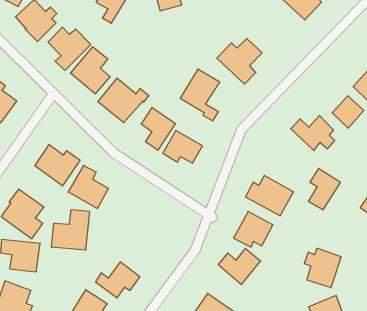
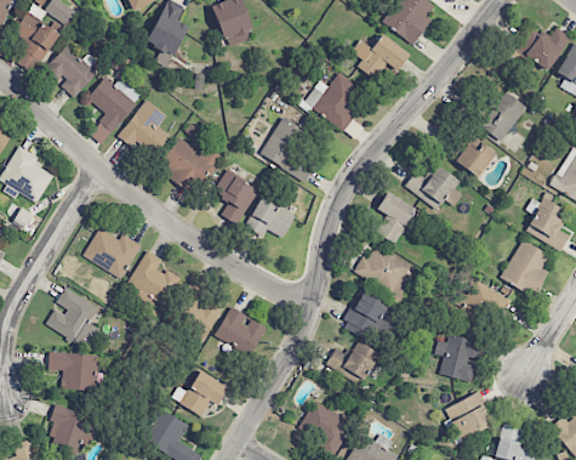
building: none -> [350,34,409,76]
building: [308,168,340,210] -> [376,191,415,243]
building: [51,210,89,250] -> none
building: none -> [215,306,266,354]

